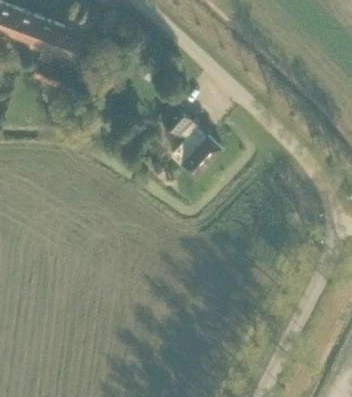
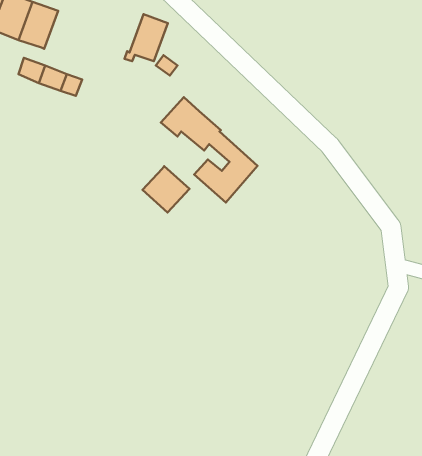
building: [45,23,79,60] -> [125,14,168,61]
building: none -> [142,166,190,213]

